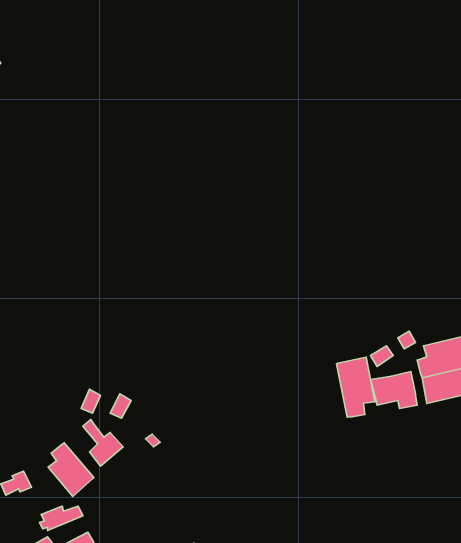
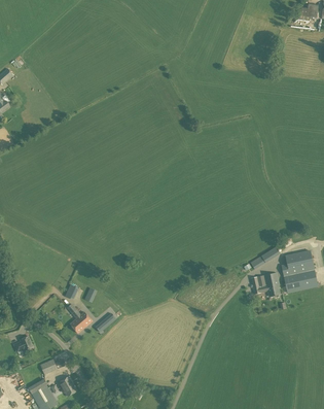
building: [337,357,375,417] -> none
building: [48,443,94,496] -> none

